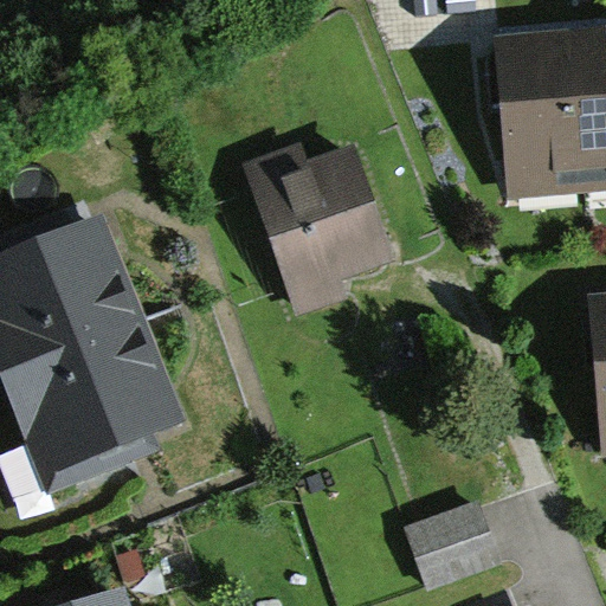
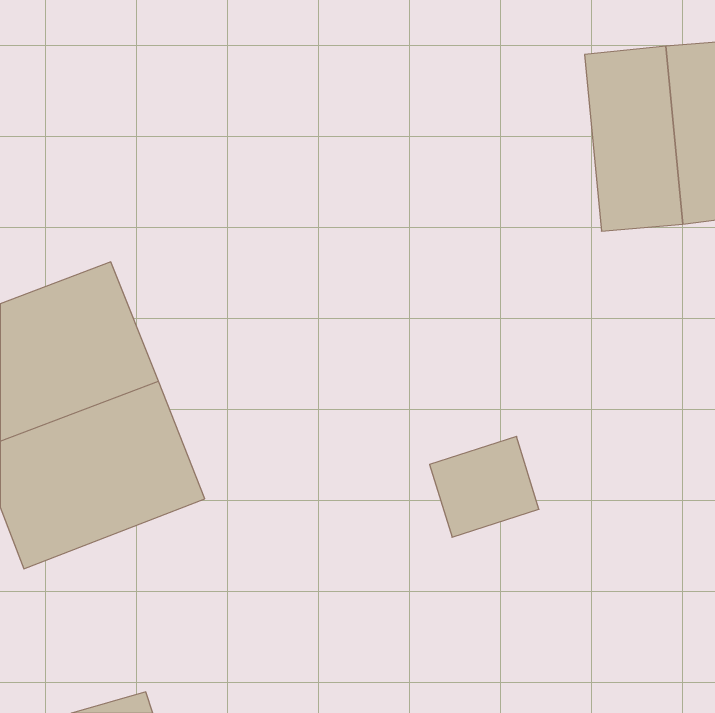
building: [243,142,393,317] -> none
building: [407,503,499,588] -> [430,436,539,537]

